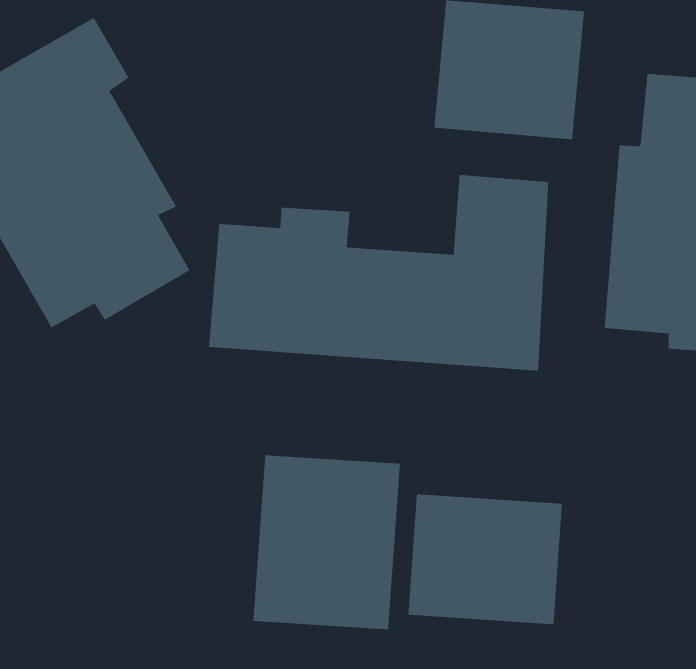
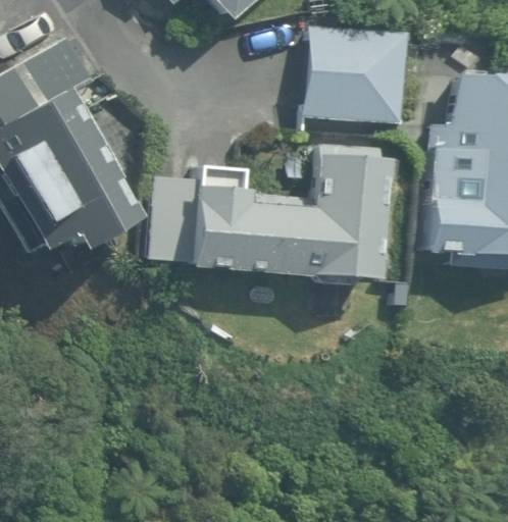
building: [253,455,401,630] -> none
building: [407,493,563,625] -> none

